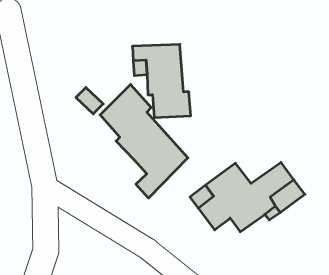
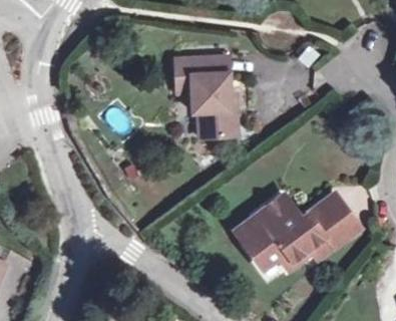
building: [100,84,188,198] -> none

